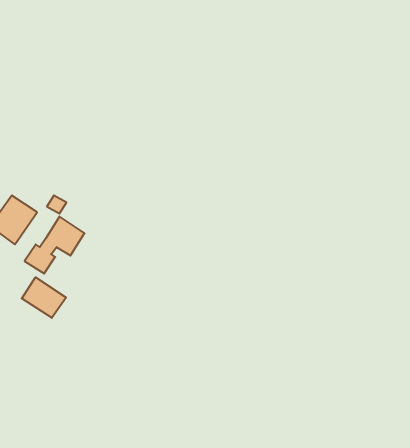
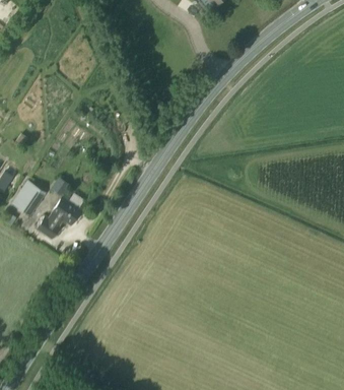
building: [22,277,66,318] -> none

